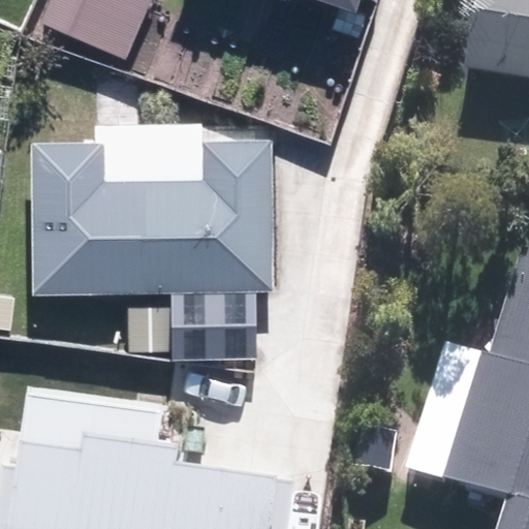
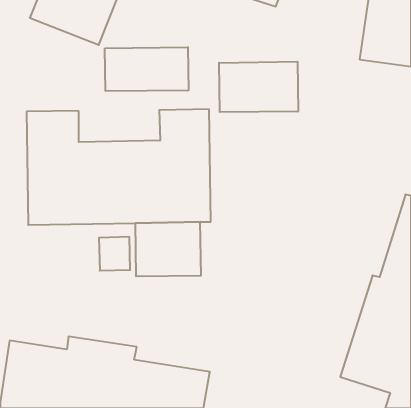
building: none -> [105,47,189,91]
building: none -> [219,62,298,112]

